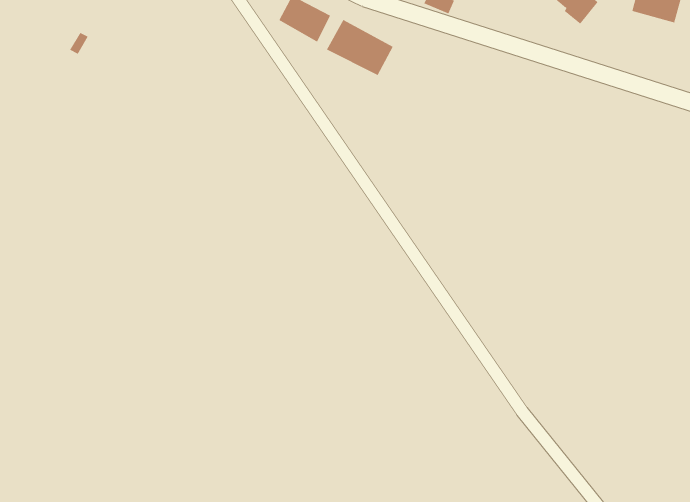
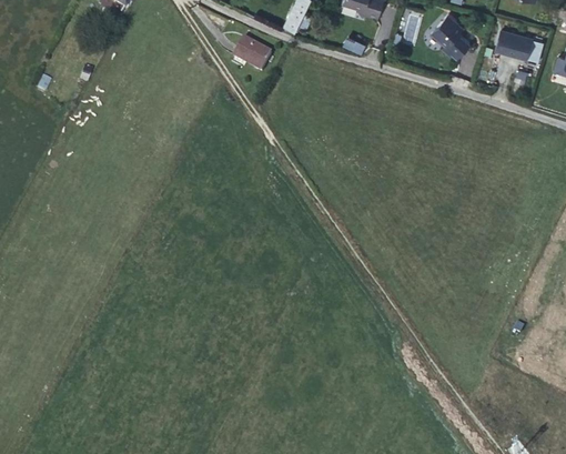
building: [326,19,394,76] -> none

